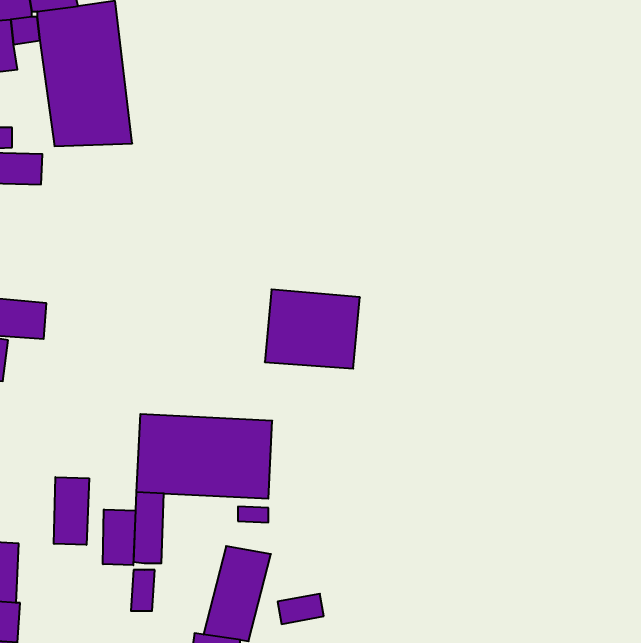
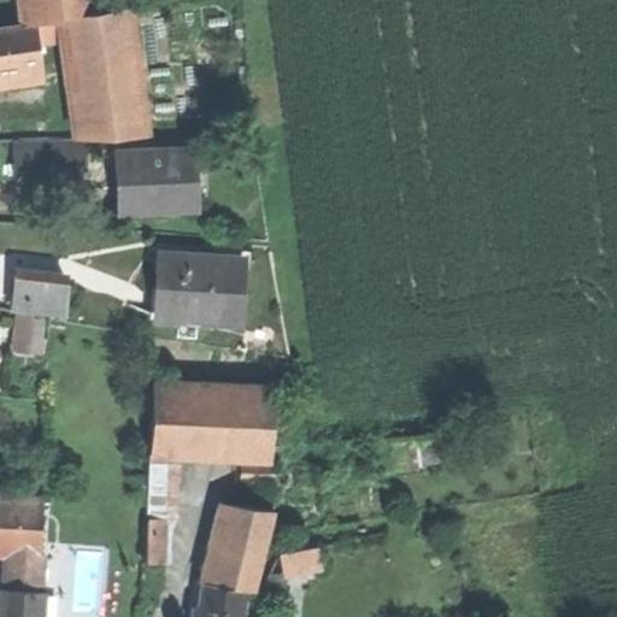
building: none -> [121,153,196,211]
building: [265,289,360,369] -> [159,253,246,325]
building: [54,477,89,545] -> none
building: [103,509,136,565] -> none

